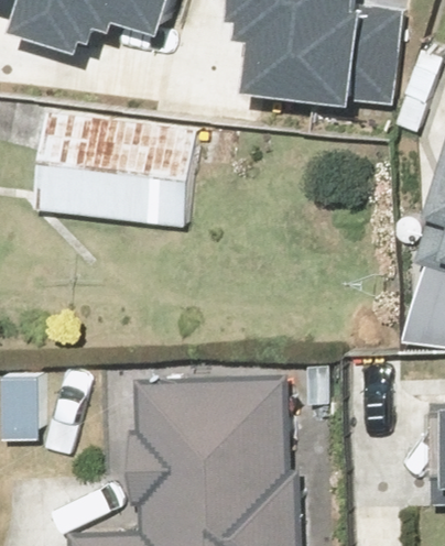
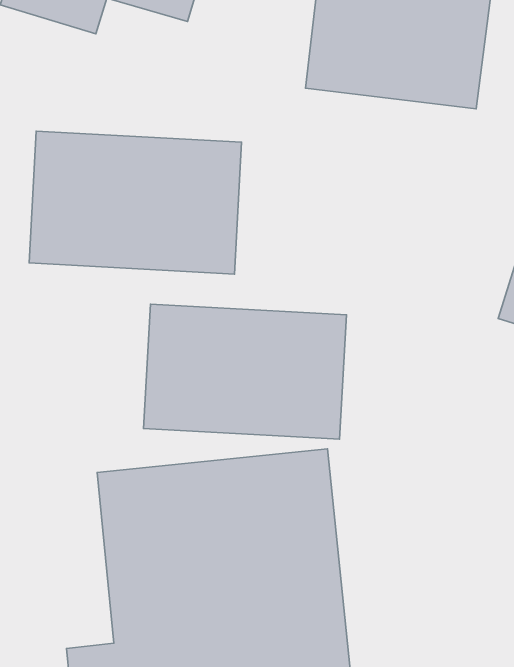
building: none -> [143,304,346,439]

